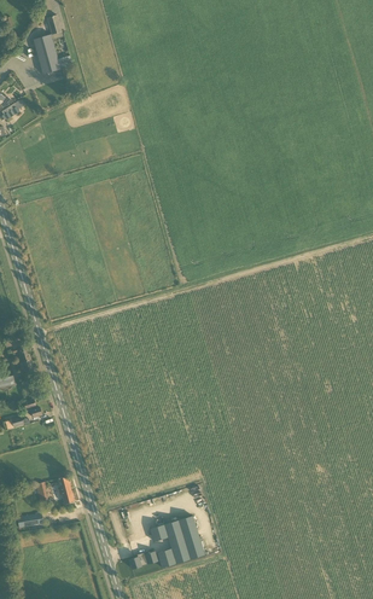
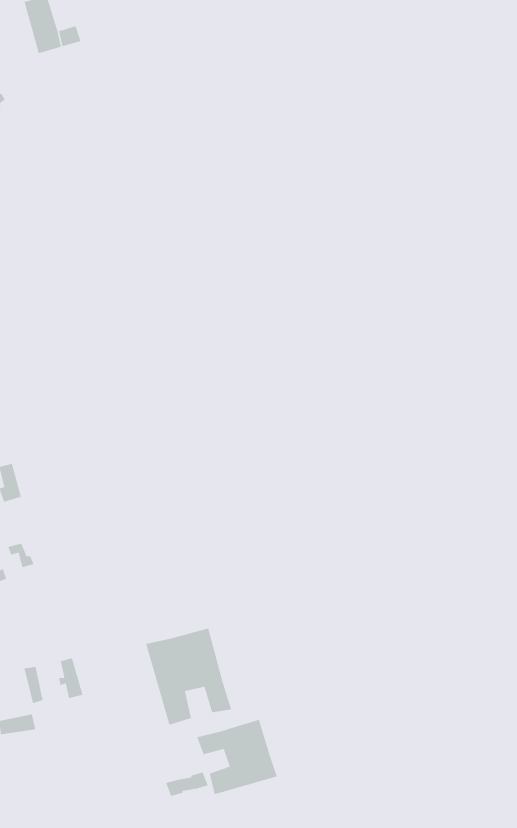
building: none -> [145,627,232,726]

